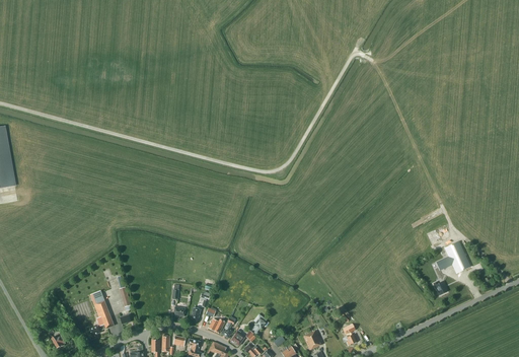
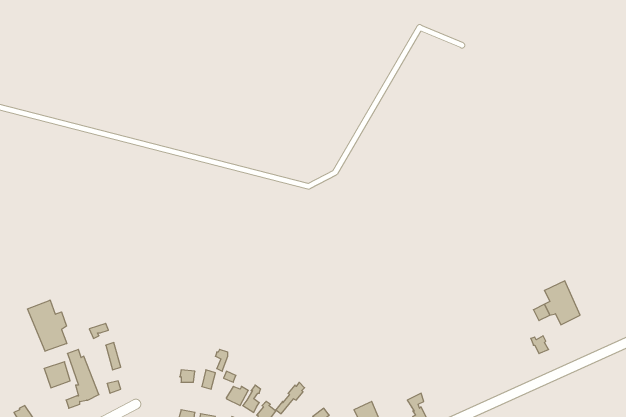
building: none -> [28,300,67,351]

